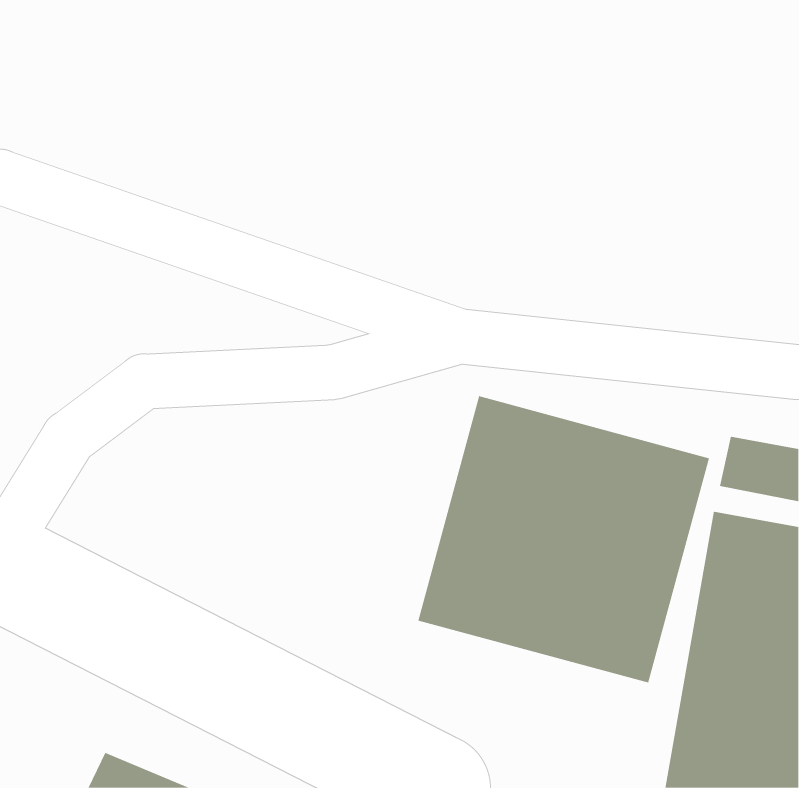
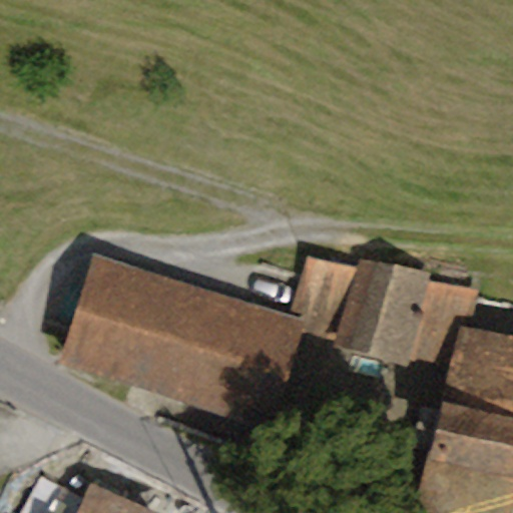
building: none -> [66,255,274,409]

